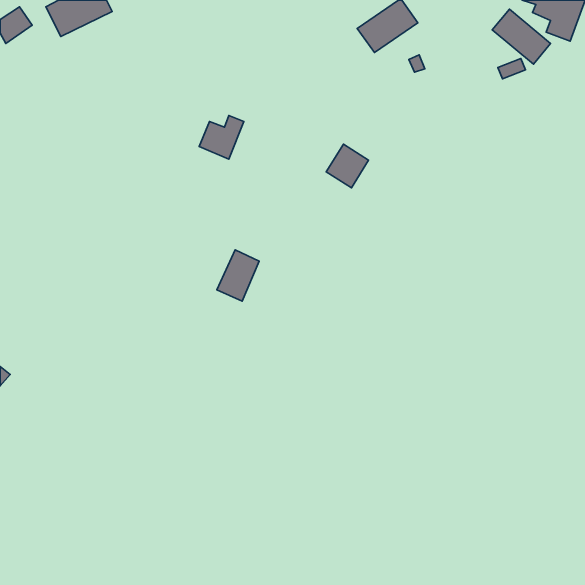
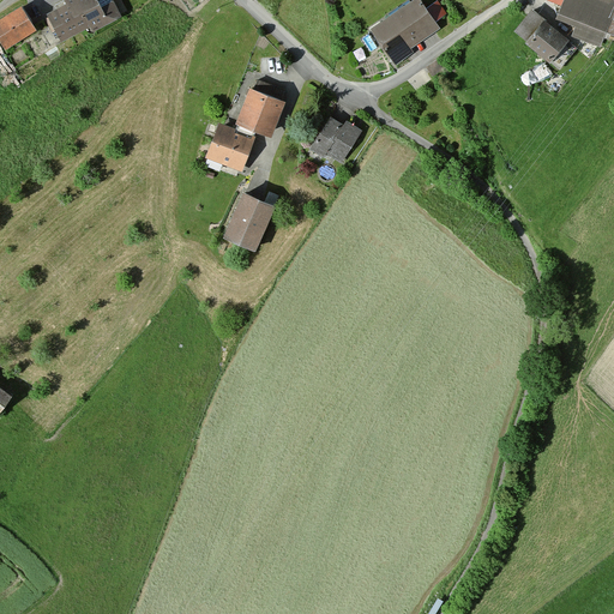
building: none -> [240,80,284,133]
building: [326,144,369,188] -> [312,118,356,163]
building: [217,250,259,301] -> [227,193,271,247]

